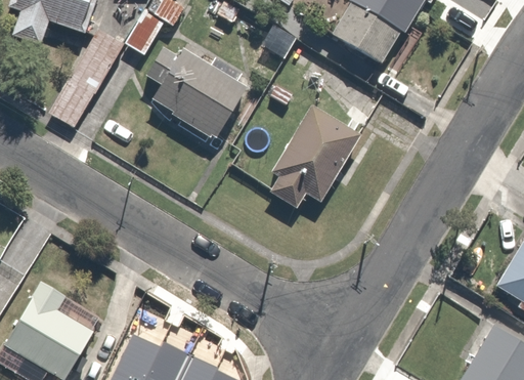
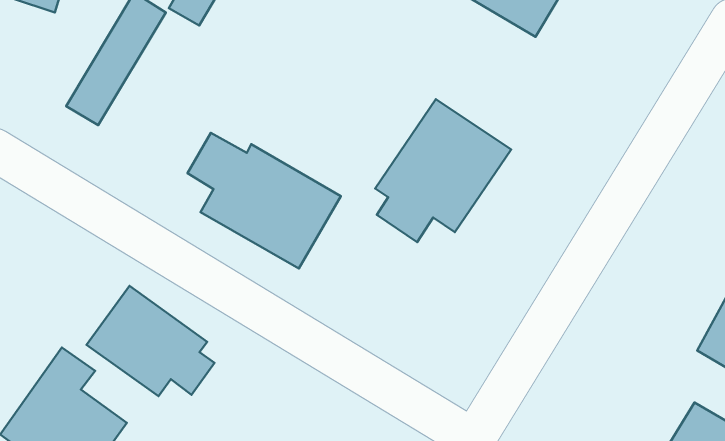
building: [140,44,249,140] -> [188,133,341,269]
building: none -> [87,286,215,396]

